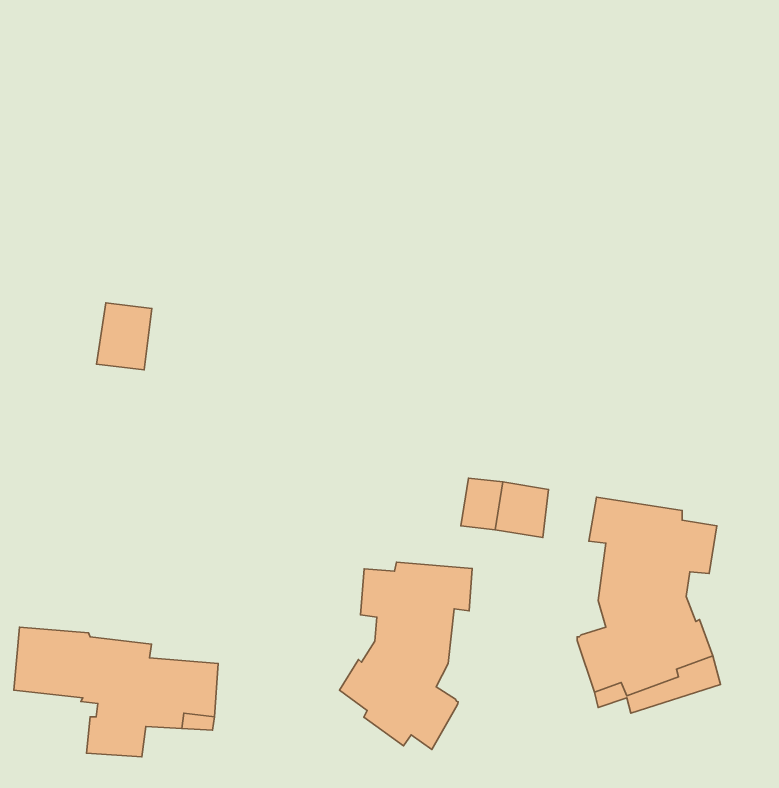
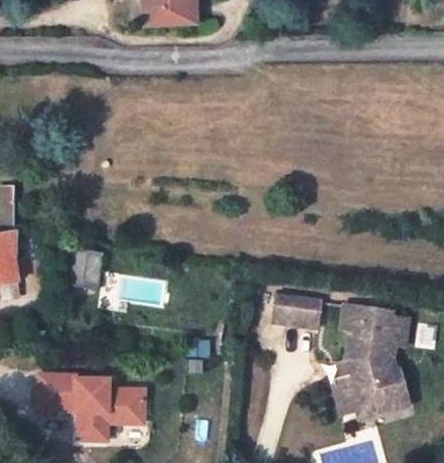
building: [96,303,152,370] -> [70,251,100,286]
building: [339,562,472,749] -> none

